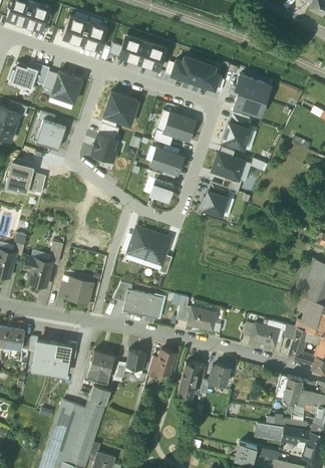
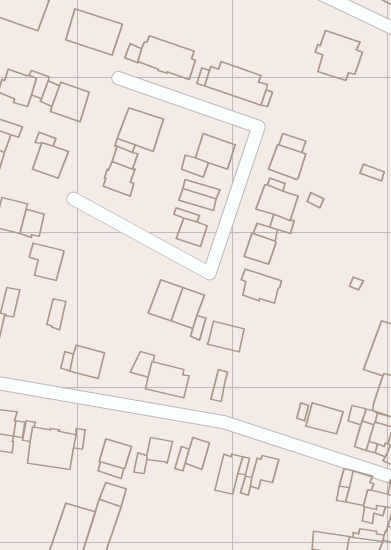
building: [232,74,269,113] -> [315,30,363,81]
building: none -> [241,269,282,303]
building: [25,256,52,285] -> [29,243,64,280]
building: [188,306,217,330] -> [207,321,244,352]

